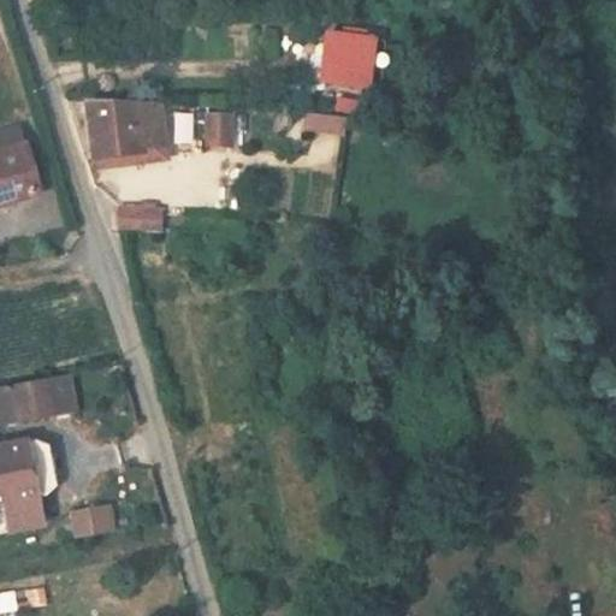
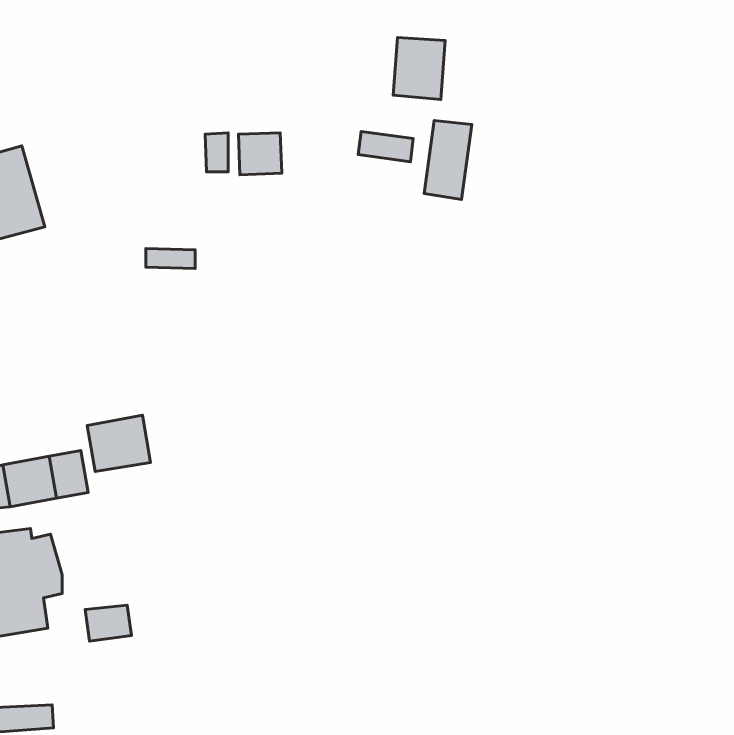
building: none -> [424,120,472,199]
building: [91,101,162,167] -> none
building: none -> [87,415,150,471]

